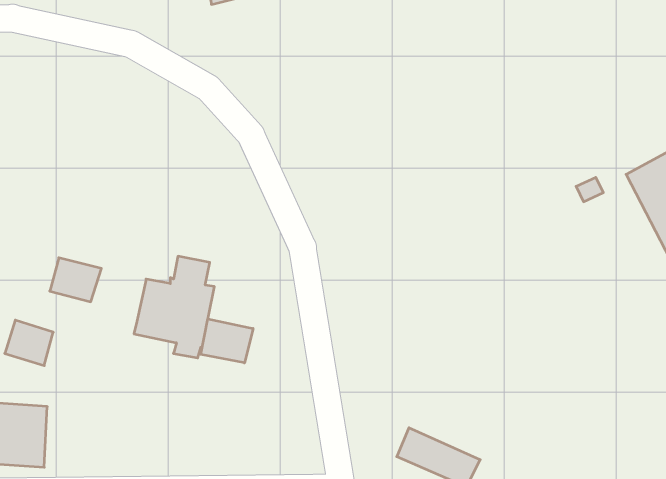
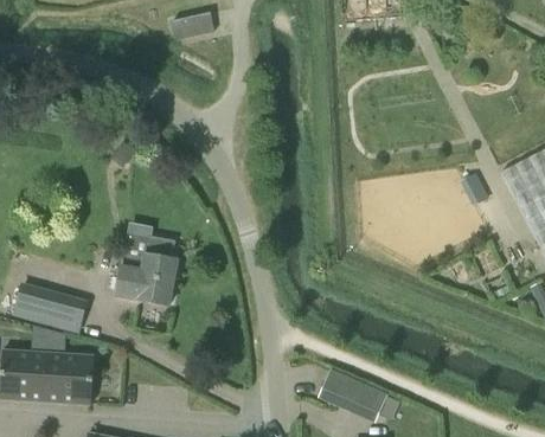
building: [50,258,101,302] -> [46,295,86,329]
building: [201,319,253,363] -> none
building: none -> [46,353,95,404]

